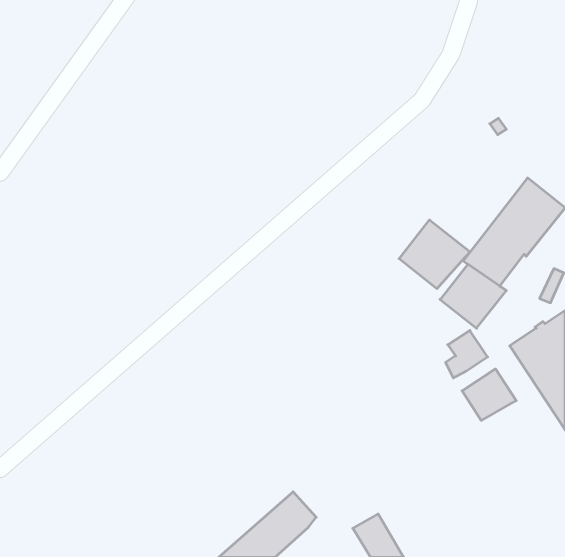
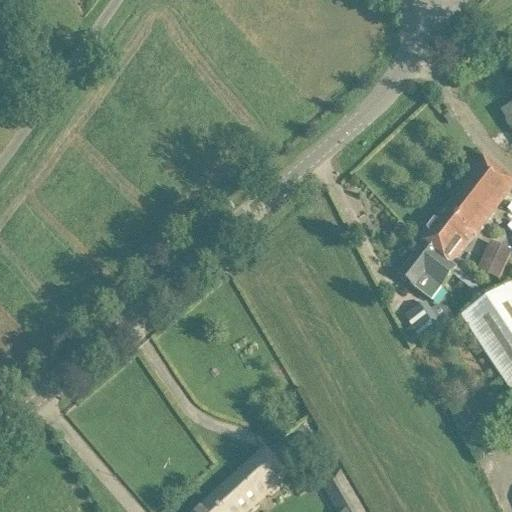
building: [399,220,470,289] -> none
building: [462,369,516,420] -> none

